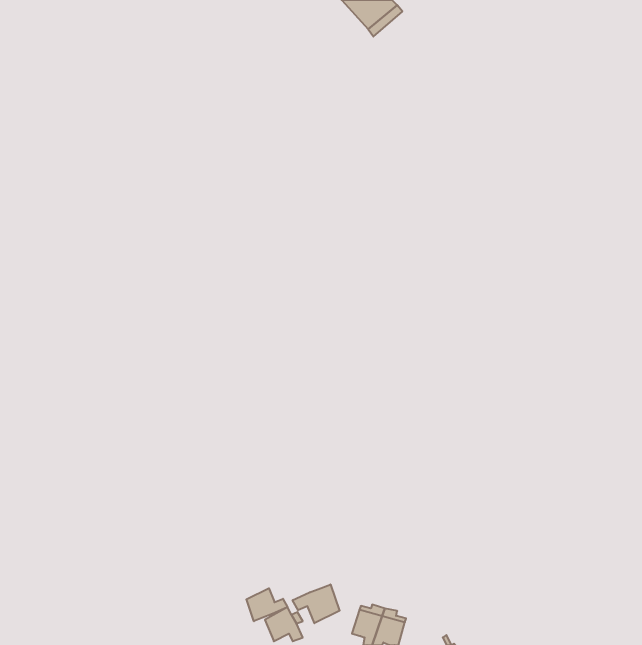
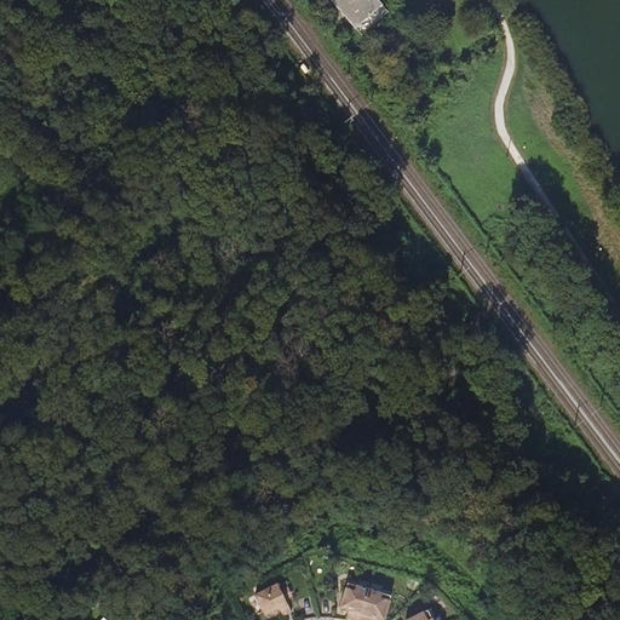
building: [293,584,340,623] -> none
building: [246,588,288,621] -> none

